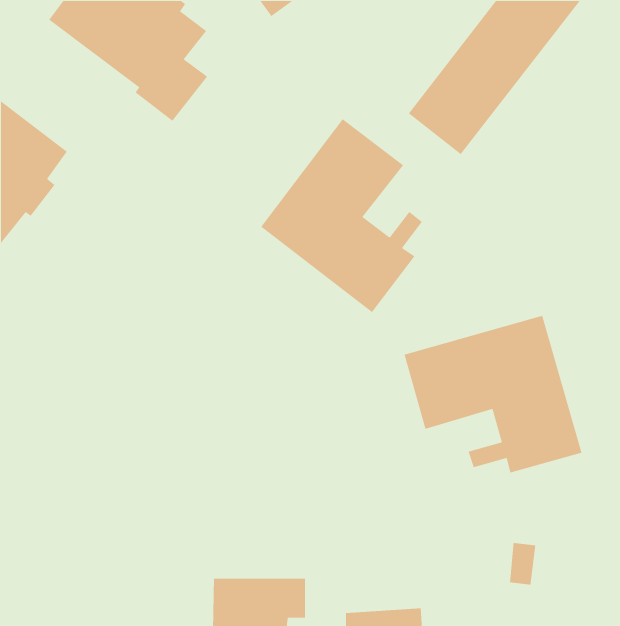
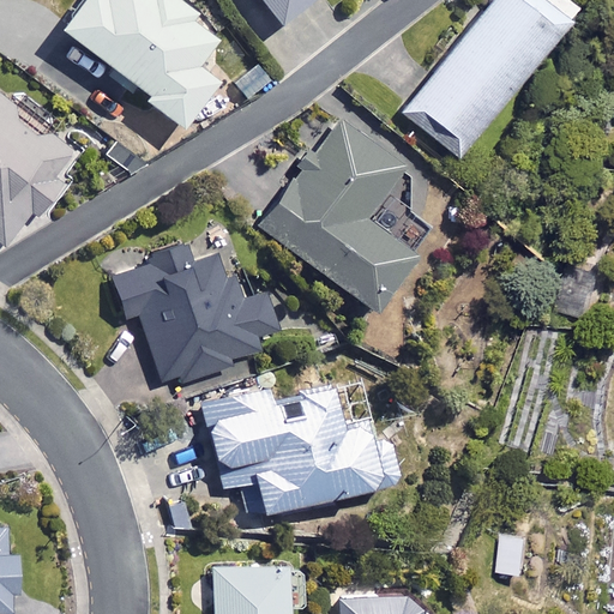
building: none -> [114,242,283,386]
building: [404,315,583,474] -> none
building: none -> [199,383,393,514]

